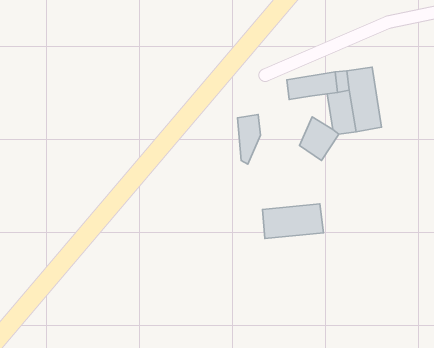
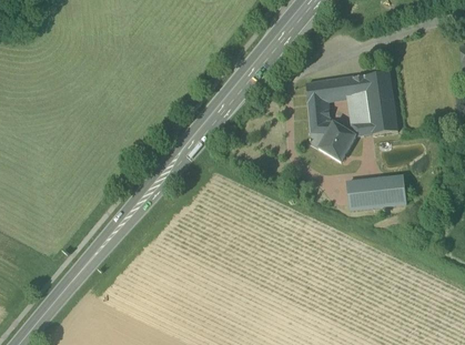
building: [238,115,261,164] -> [310,99,332,146]
building: [262,204,323,238] -> [347,175,406,209]

